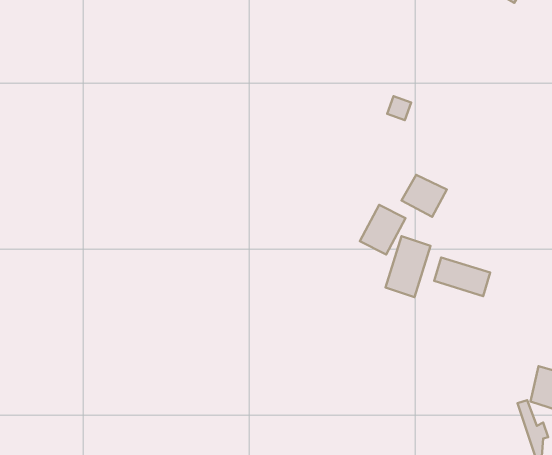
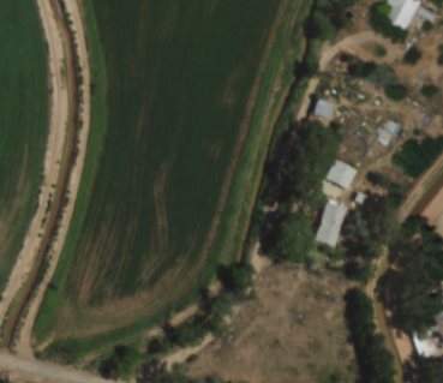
building: [360,205,405,254] -> none
building: [434,257,490,296] -> none

